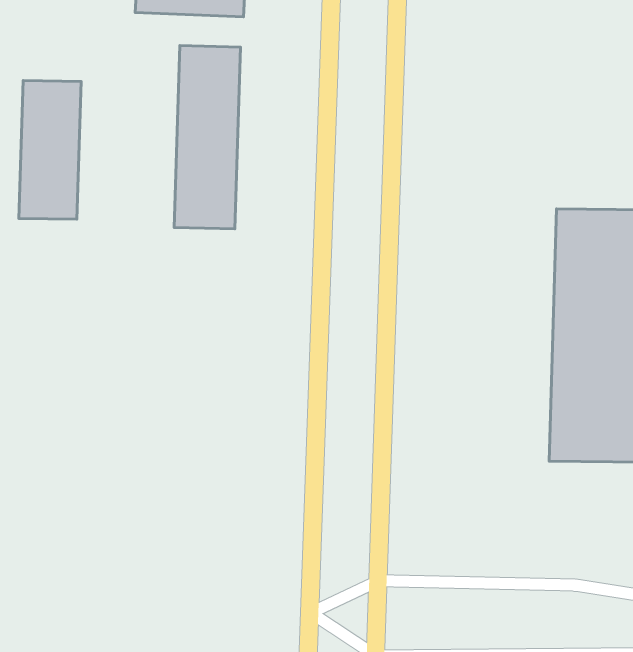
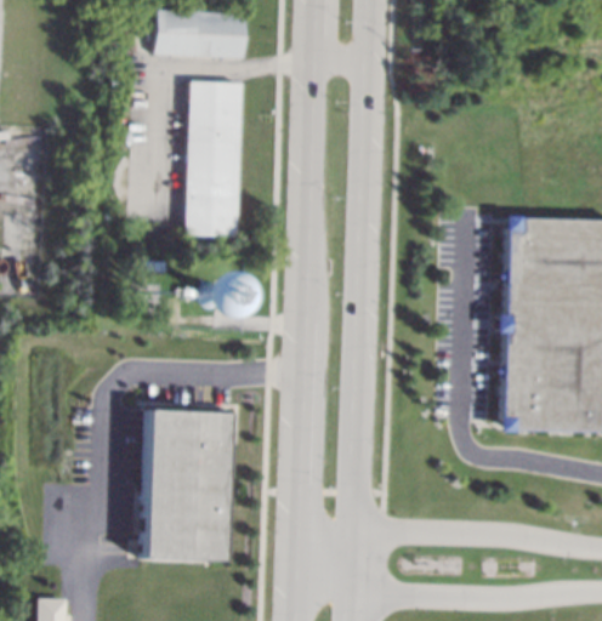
building: [19,81,81,219] -> none
building: none -> [143,411,233,562]

